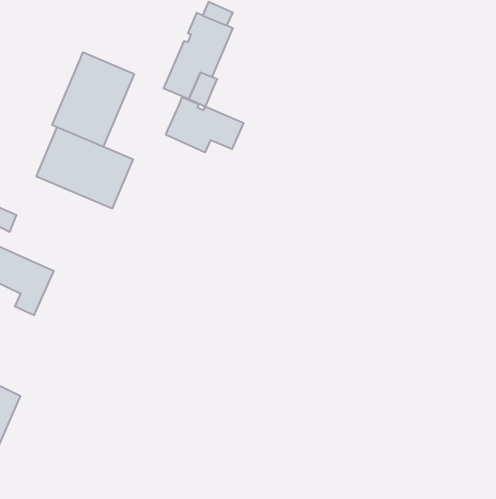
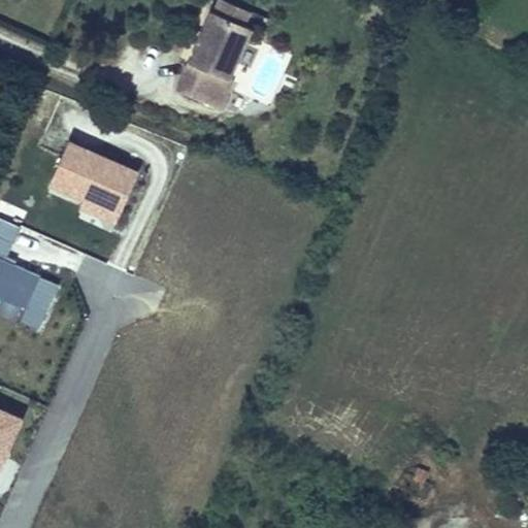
building: [52,52,134,147] -> none
building: [166,97,243,152] -> none

